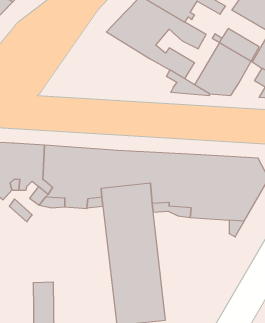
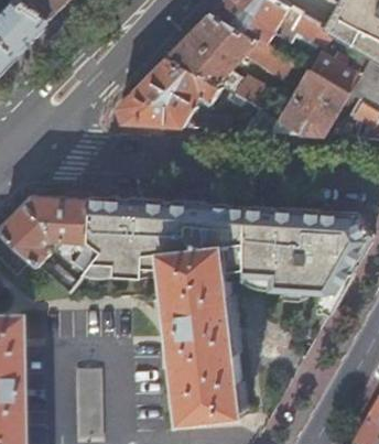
building: none -> [117,57,221,128]

